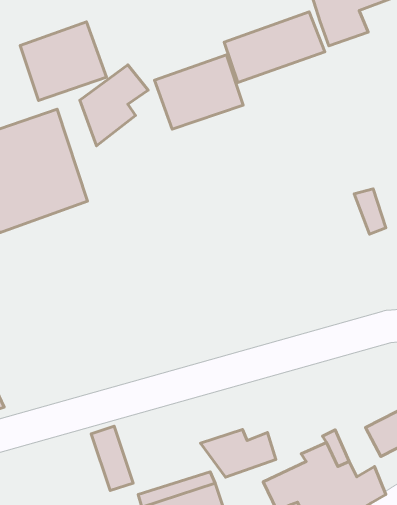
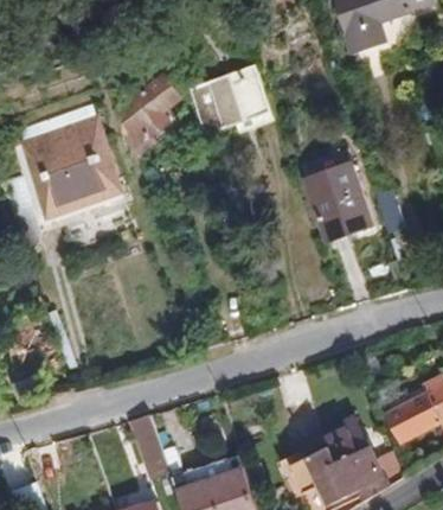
building: [224,12,325,82] -> none
building: [20,22,107,100] -> none
building: none -> [303,160,373,238]
building: [201,429,276,477] -> none

